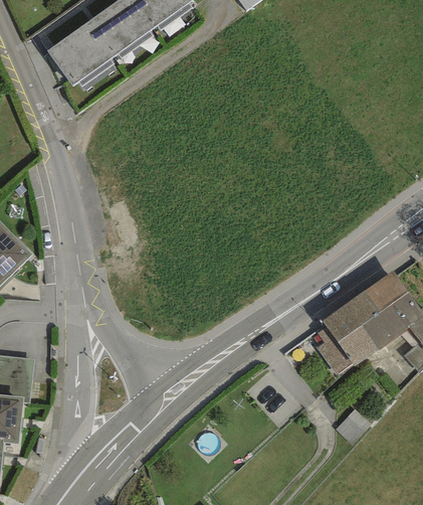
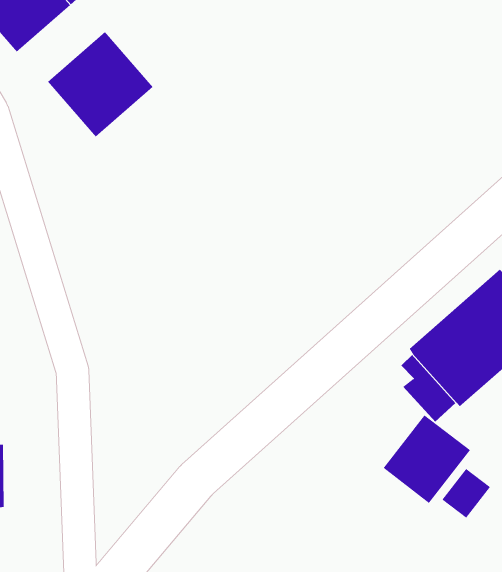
building: none -> [47,31,153,137]
building: none -> [383,414,471,504]

